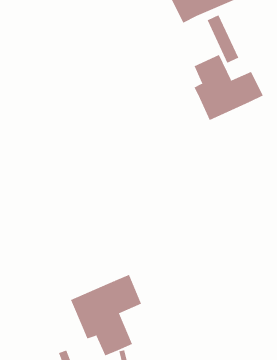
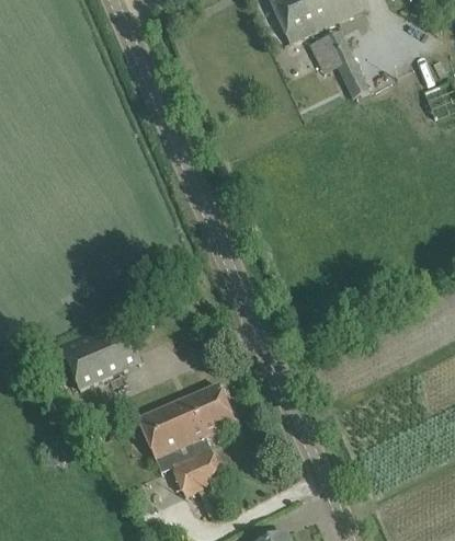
building: [194,54,263,121] -> none
building: none -> [60,320,140,389]

